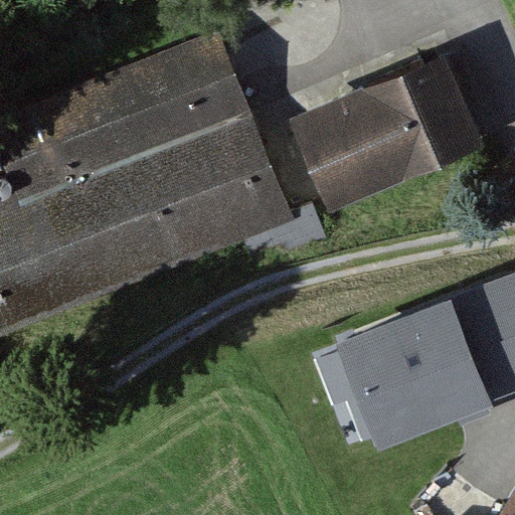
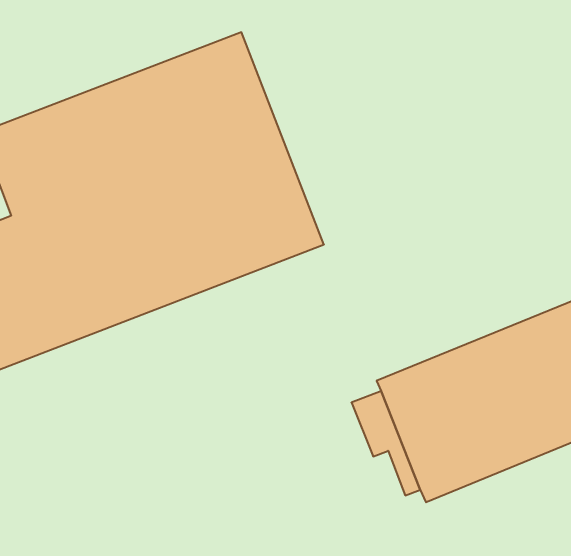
building: [289,50,486,208] -> none

